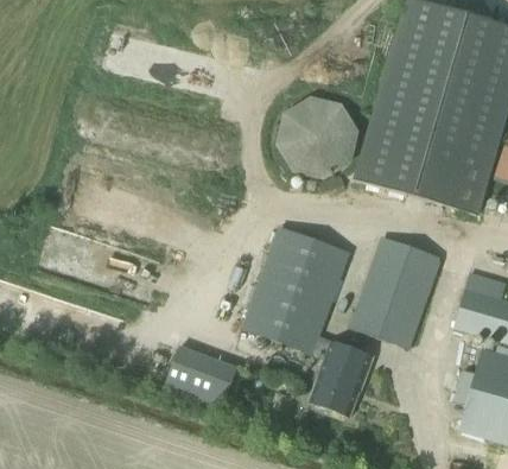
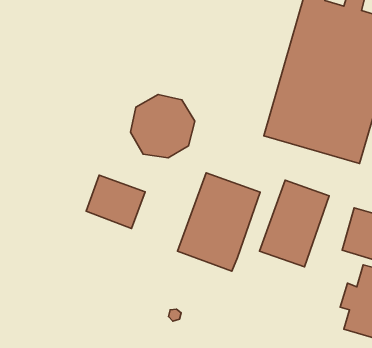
building: [277,96,360,178] -> [130,94,195,158]
building: [309,336,373,418] -> none
building: [163,343,239,412] -> [86,175,145,229]

